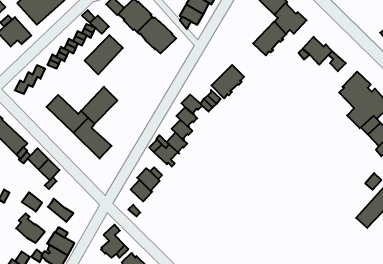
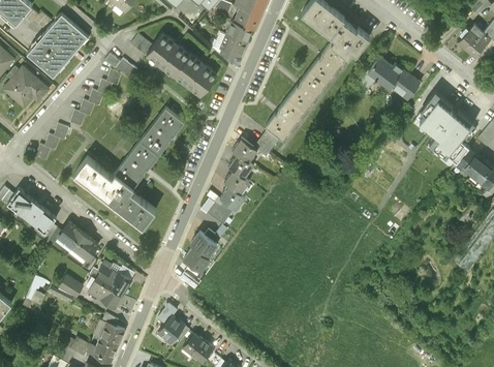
building: [85,35,123,74] -> [140,109,183,156]
building: none -> [287,71,326,112]
building: [16,213,45,243] -> [95,261,129,294]

